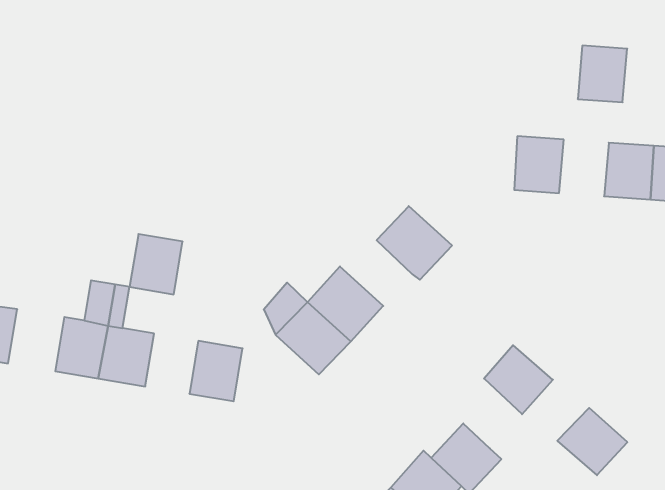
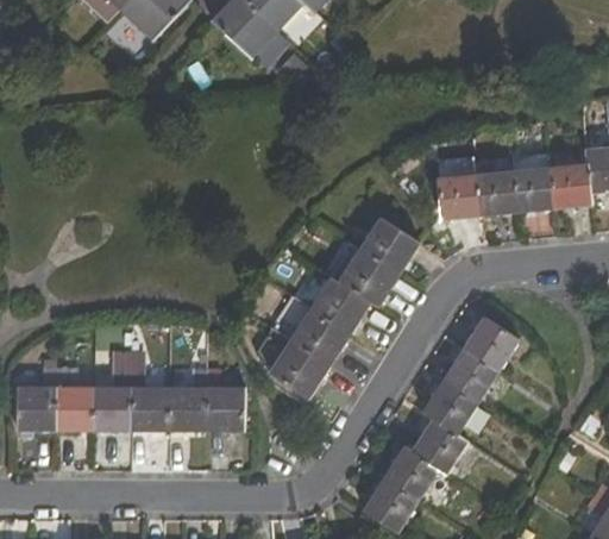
building: [578,46,627,102] -> [476,169,516,217]
building: none -> [359,217,419,274]
building: none -> [312,275,371,332]
building: [130,234,183,294] -> [170,386,207,430]
building: none -> [56,384,95,430]
building: none -> [422,377,479,433]
building: [557,408,627,475] -> [463,315,520,369]

